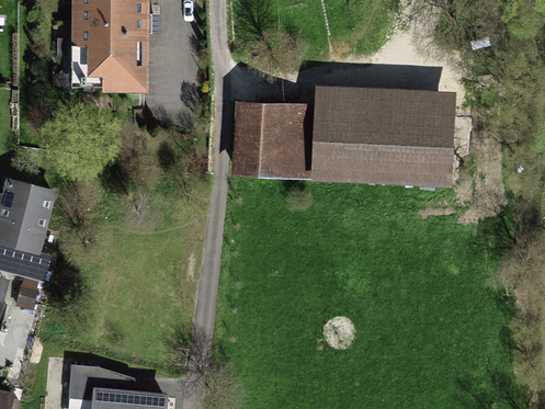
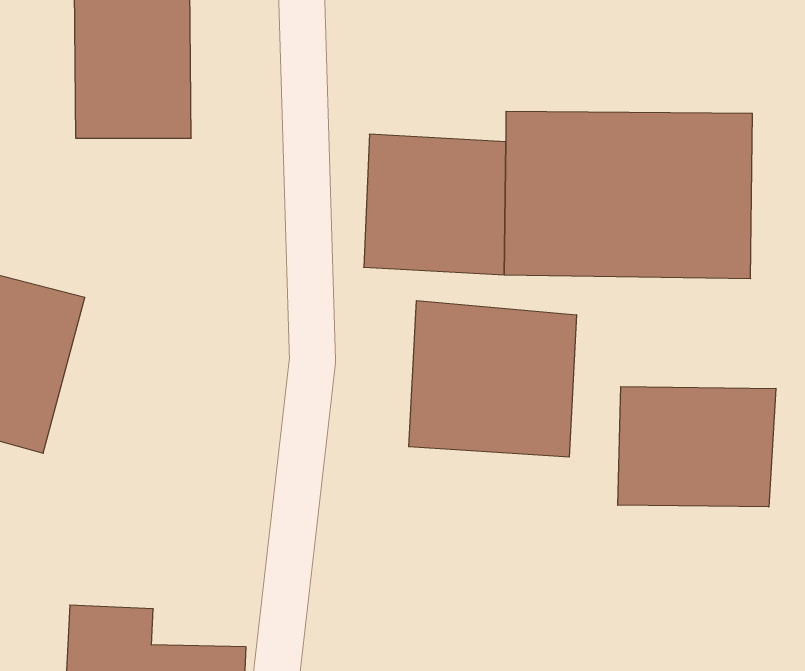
building: none -> [409,301,577,457]
building: none -> [618,387,776,507]

